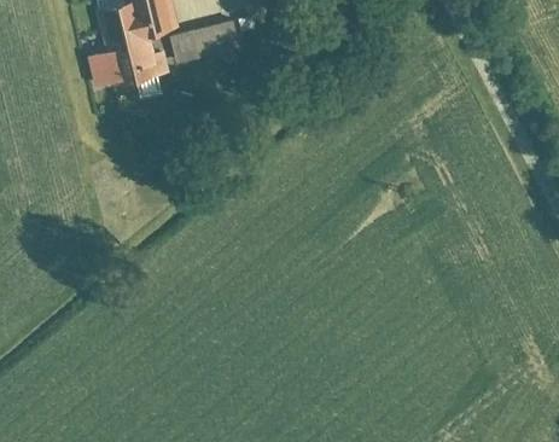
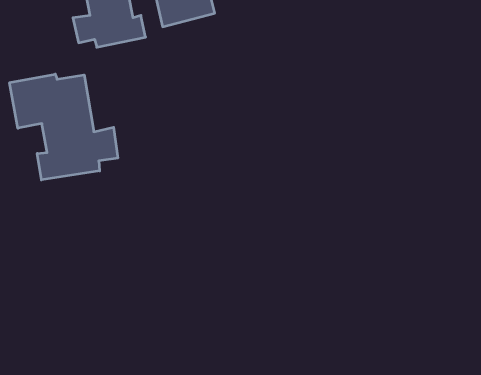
building: none -> [10,74,118,180]

